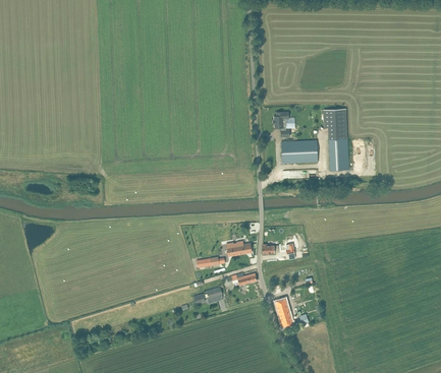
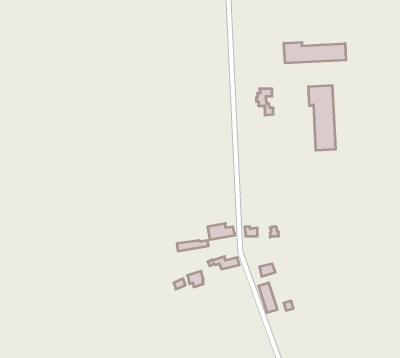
building: none -> [284,42,346,63]
building: [280,140,317,164] -> none

